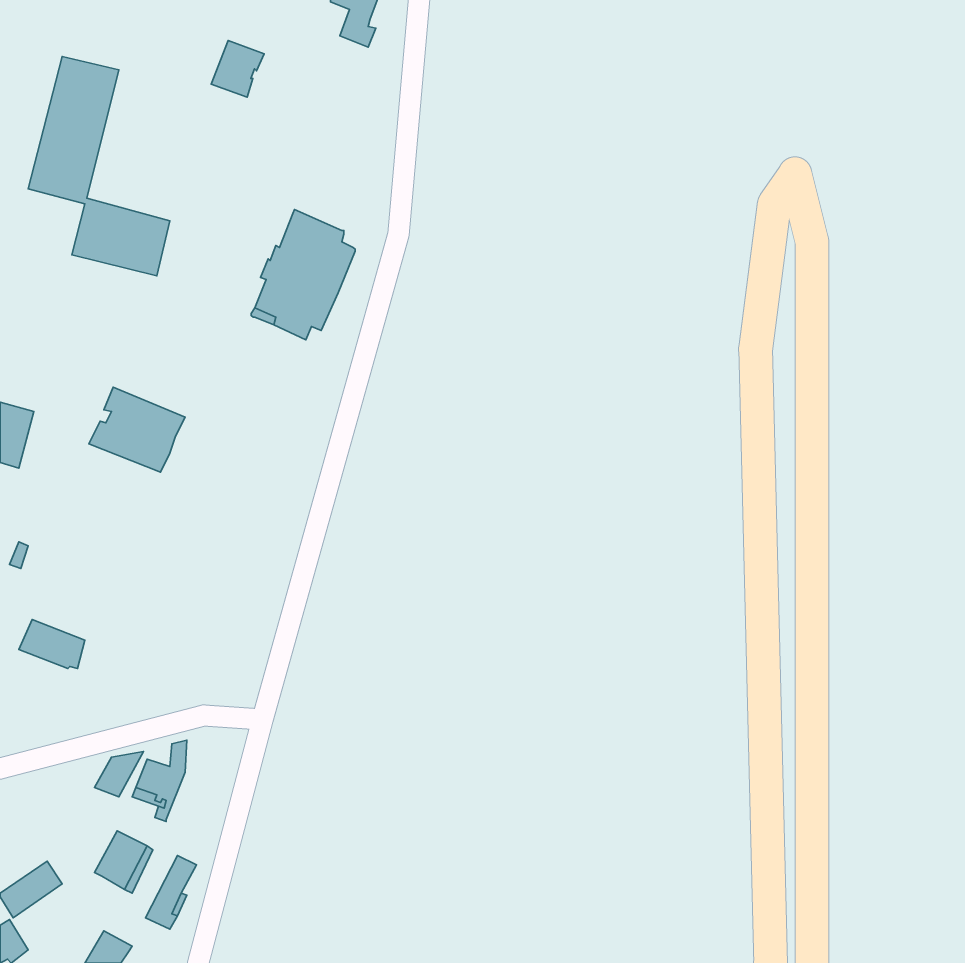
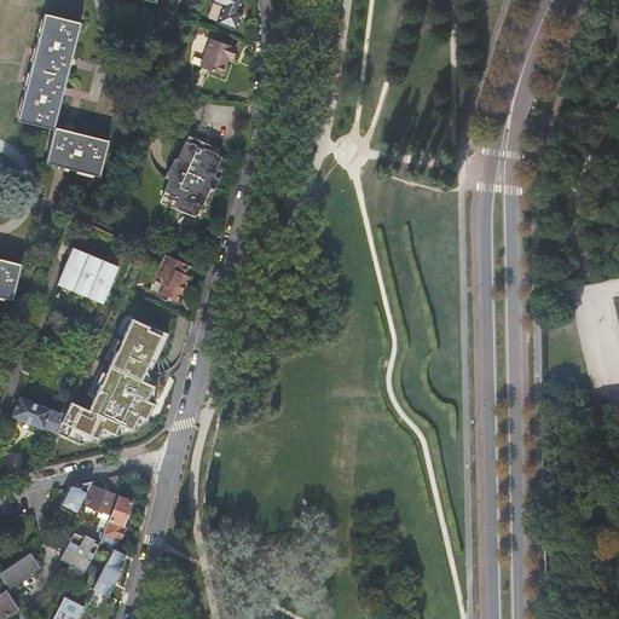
building: none -> [40,15,81,45]
building: [211,41,264,97] -> [202,40,236,76]
building: none -> [157,255,190,302]
building: none -> [51,316,166,440]
building: none -> [103,496,132,540]

